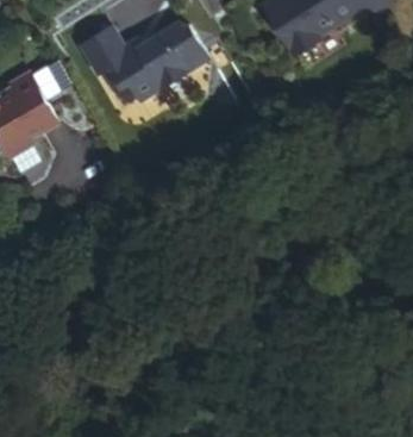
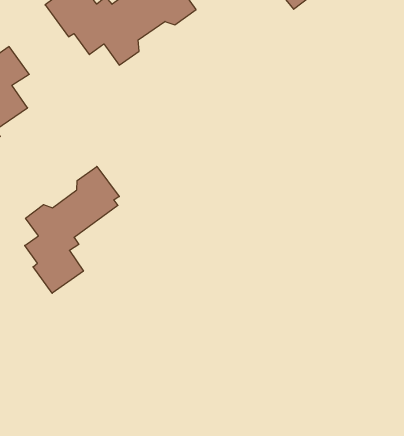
building: none -> [25,166,119,293]

